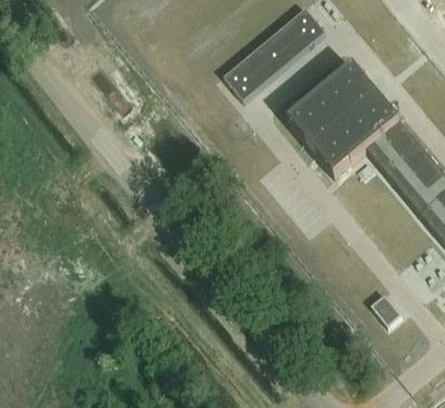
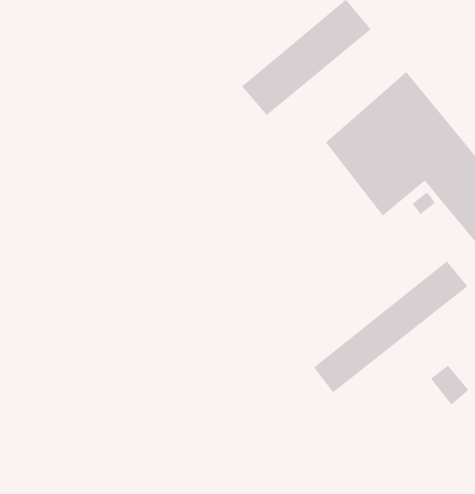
building: none -> [313,261,468,393]

